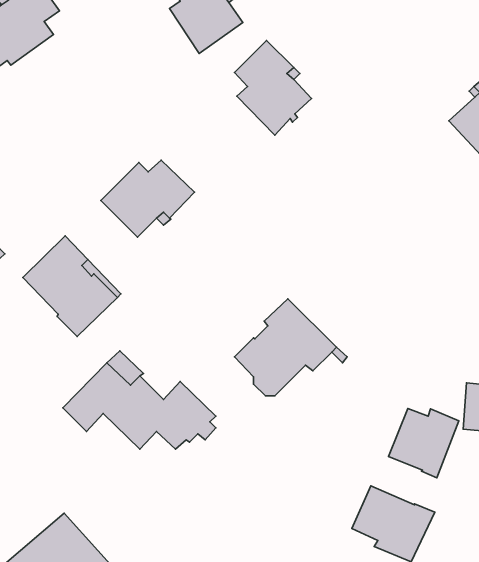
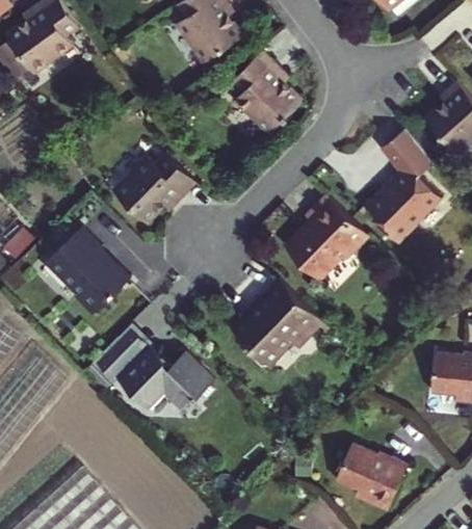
building: none -> [366,129,440,242]
building: none -> [287,195,369,279]
building: [388,409,459,478] -> none

